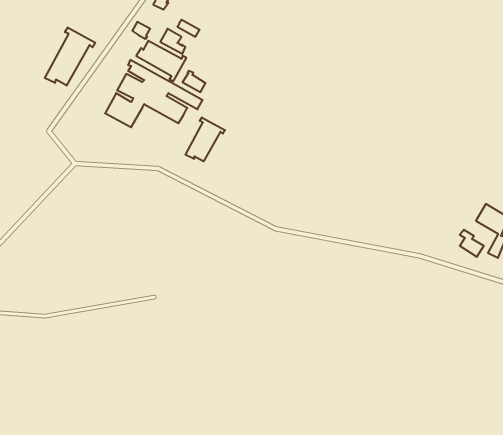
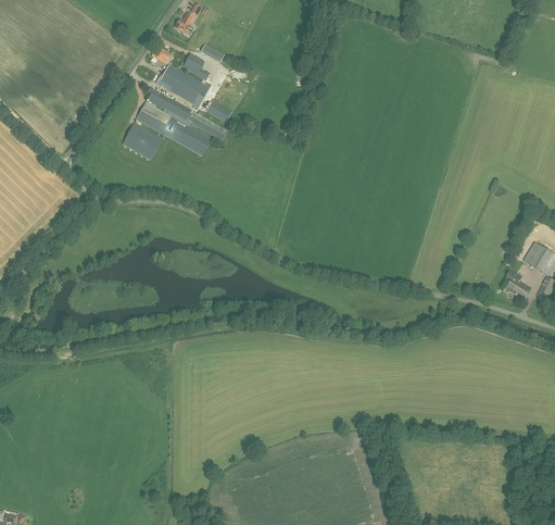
building: [45,27,95,86] -> none
building: [185,117,225,161] -> none

